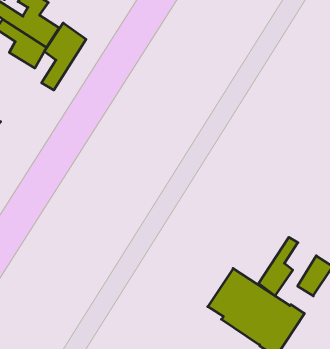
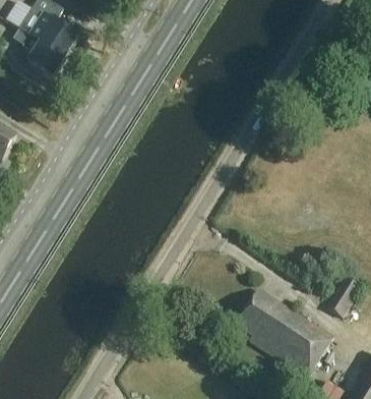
building: [42,23,86,90] -> none
building: [259,237,298,296] -> none

